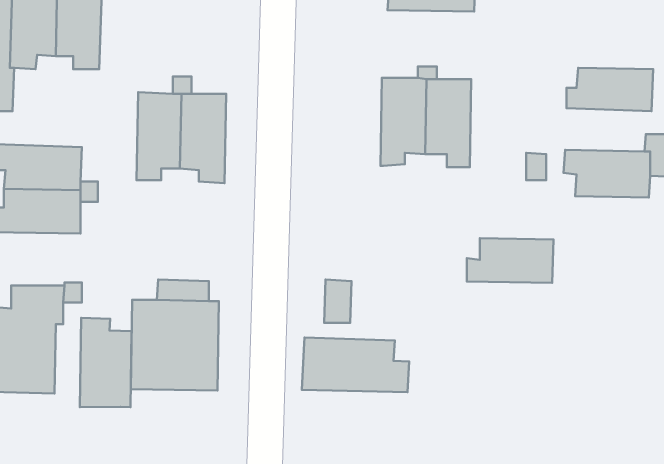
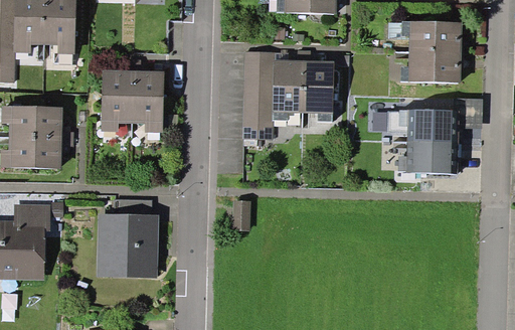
building: none -> [401,21,462,53]
building: none -> [242,51,275,140]
building: [467,238,553,283] -> [397,142,458,173]
building: [80,318,132,407] -> none
building: [302,338,409,392] -> none

